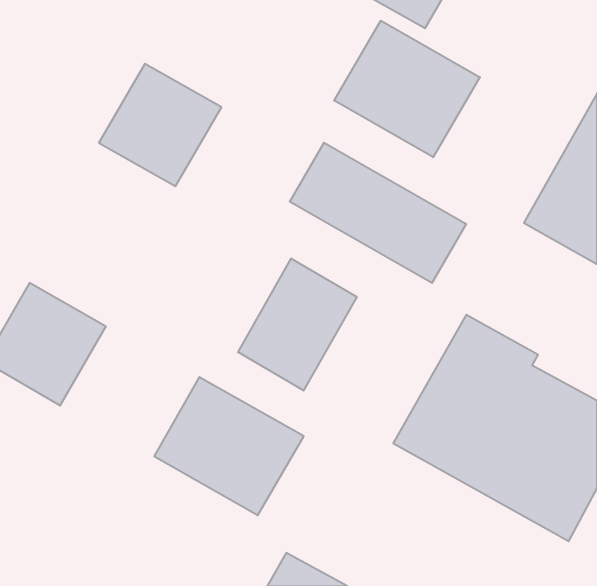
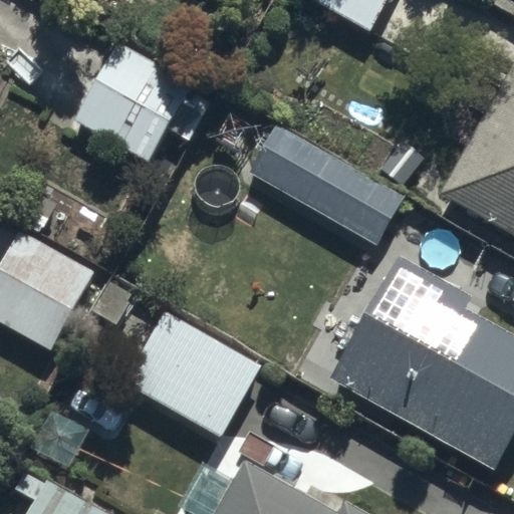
building: [334,21,480,157] -> none
building: [238,258,357,391] -> none

